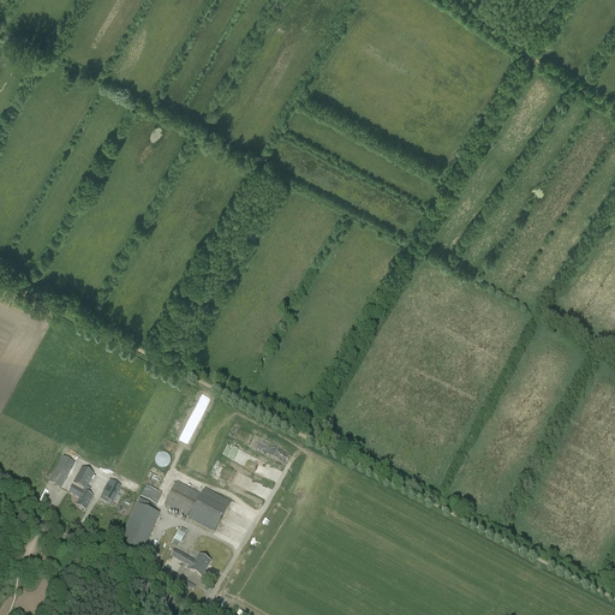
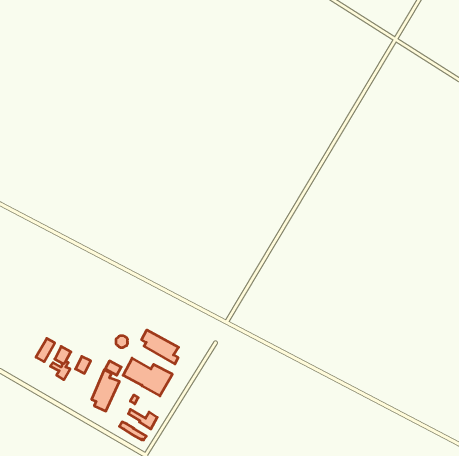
building: none -> [142,330,179,364]

